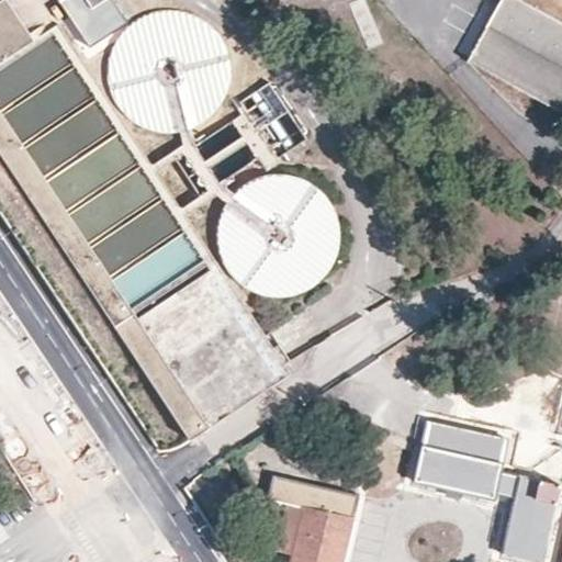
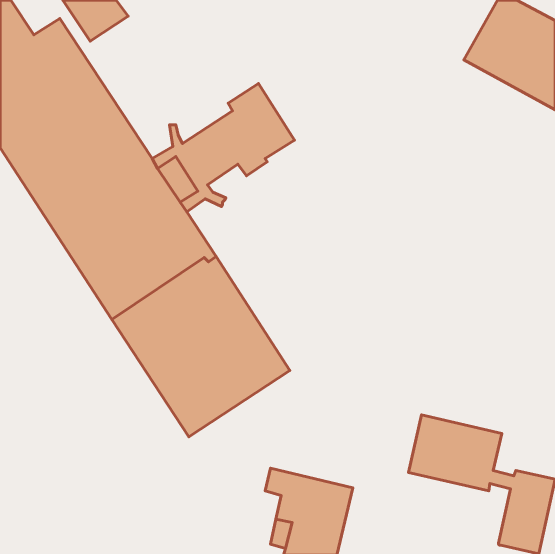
building: [111,8,231,127] -> none
building: [220,173,339,292] -> none

